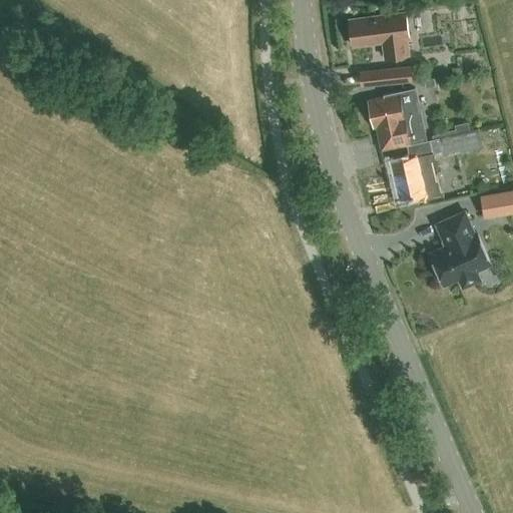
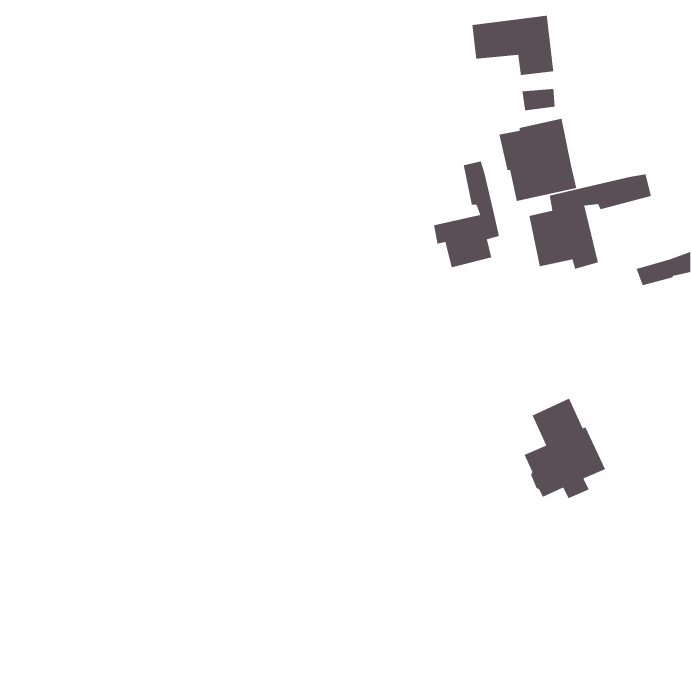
building: none -> [433,161,500,268]
building: [430,212,491,288] -> [523,398,606,499]

